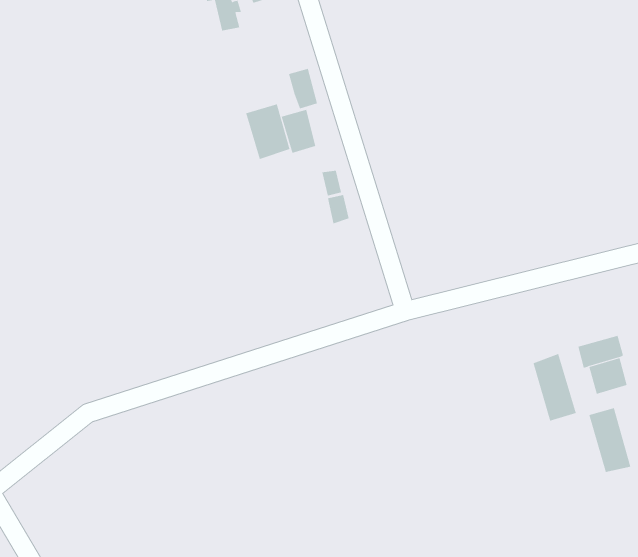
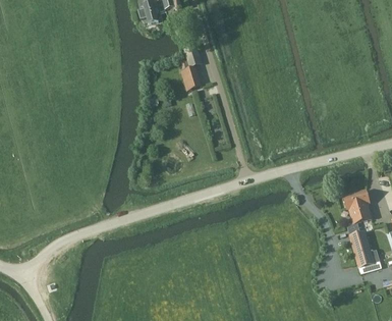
building: [246,104,290,160] -> none
building: [533,353,577,422] -> none

